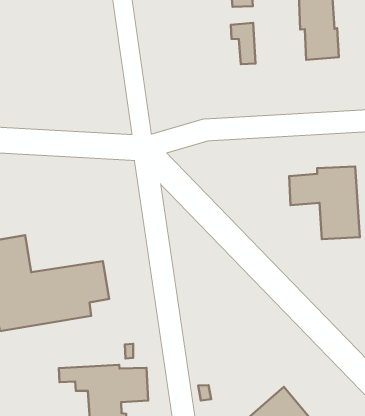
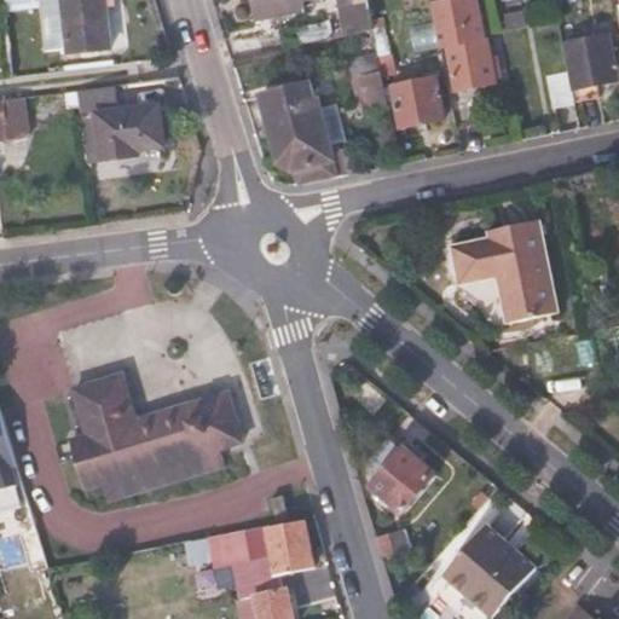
building: none -> [74,85,164,163]
building: none -> [260,82,360,184]
building: none -> [392,77,444,126]
building: none -> [365,434,436,513]

